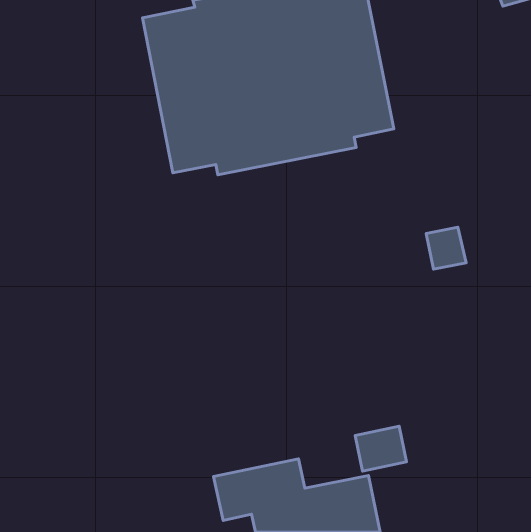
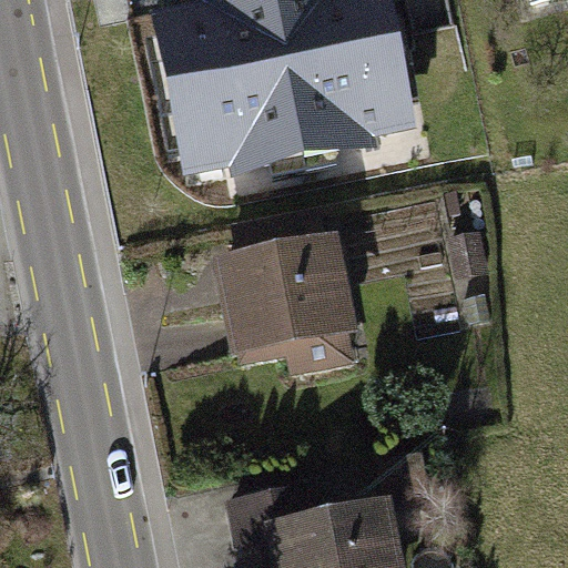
building: none -> [211,229,352,356]

